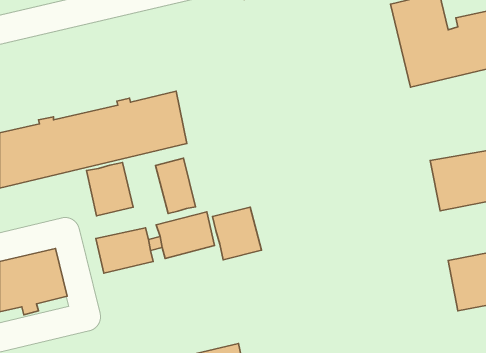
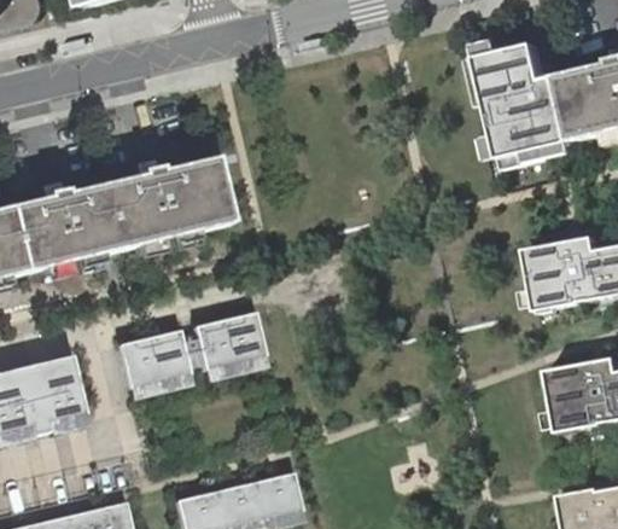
building: [156,158,195,213] -> none
building: [87,163,133,216] -> none
building: [212,207,262,260] -> none

